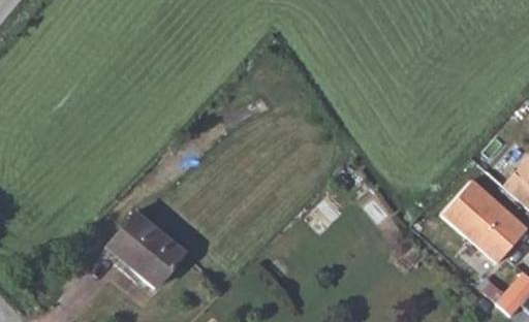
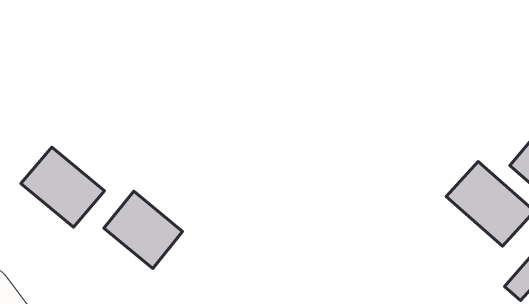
building: none -> [21,147,105,227]

